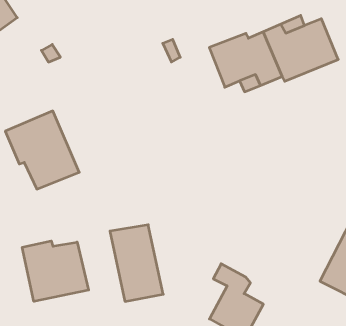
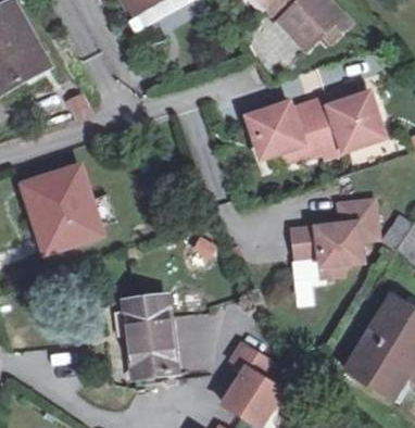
building: none -> [291,199,377,276]
building: [22,241,89,301] -> none

